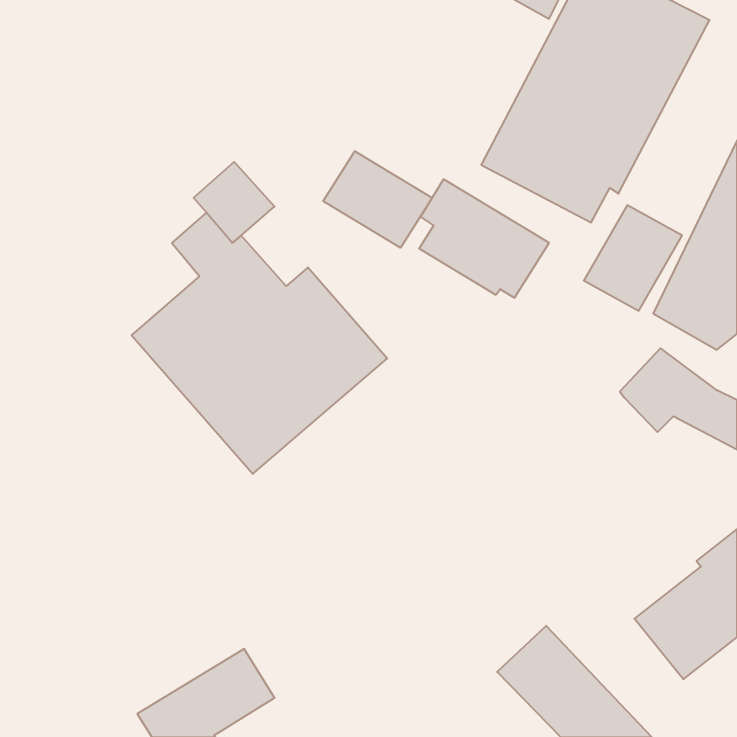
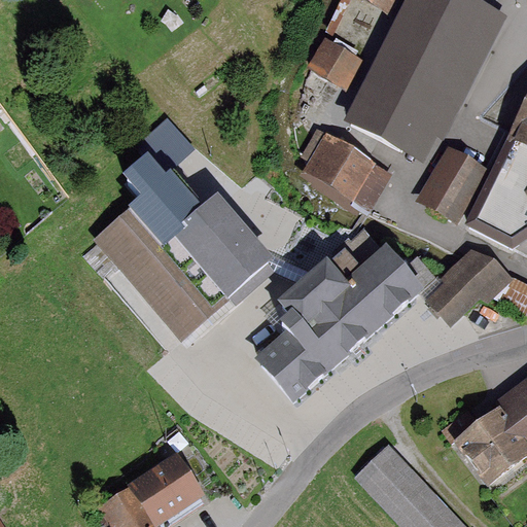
building: none -> [308,37,366,92]
building: [323,151,432,248] -> none
building: none -> [254,233,435,402]
building: none -> [426,283,468,325]

